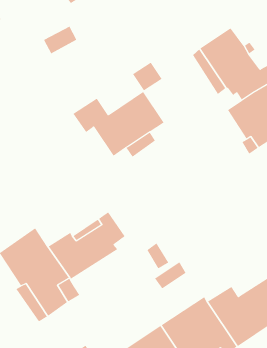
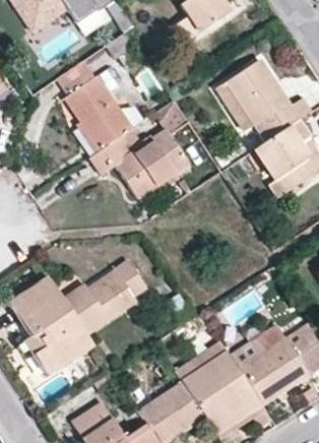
building: none -> [60,76,129,149]

